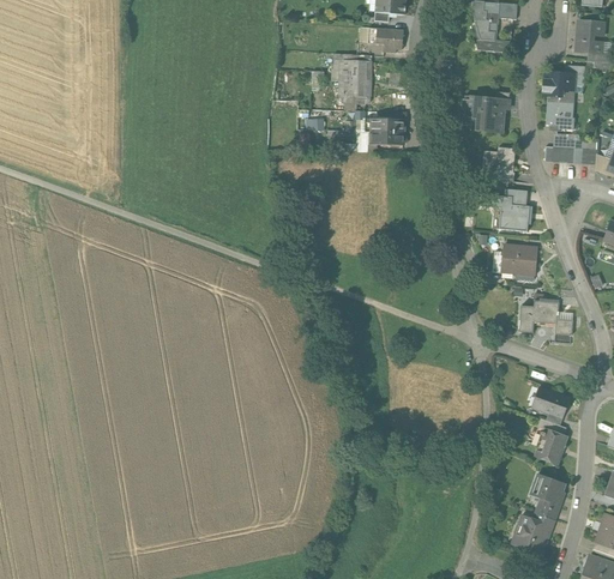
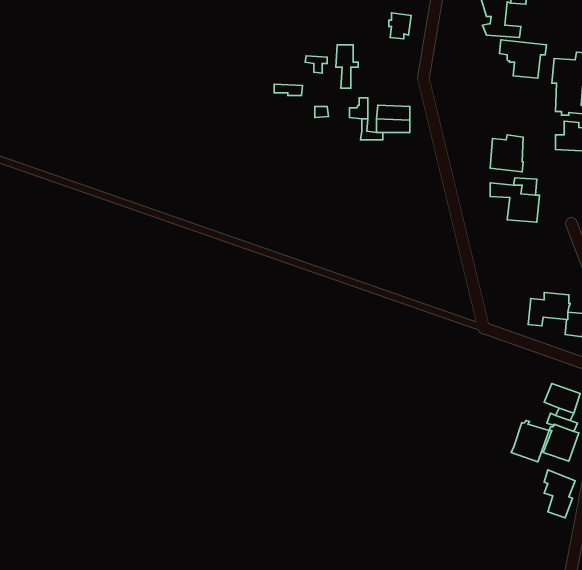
building: [345,59,371,103] -> none
building: [464,95,510,132] -> [500,40,546,78]
building: [493,245,536,279] -> none
building: none -> [511,420,549,462]
building: [514,513,554,553] -> none

